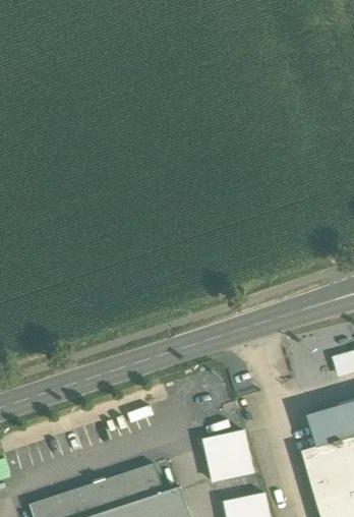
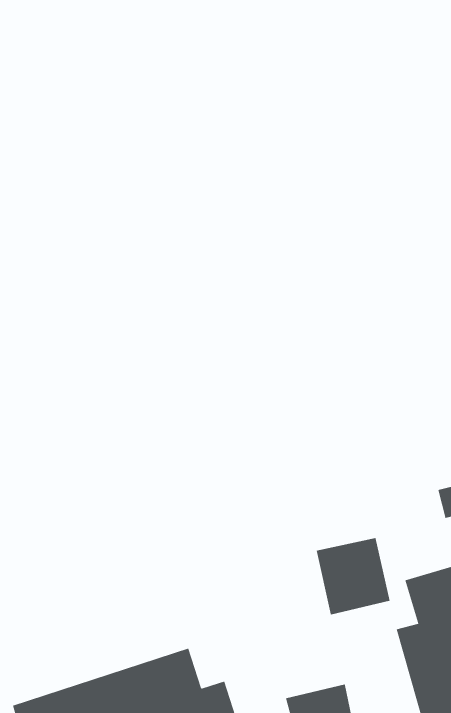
building: [201,428,254,483] -> [316,538,390,615]

